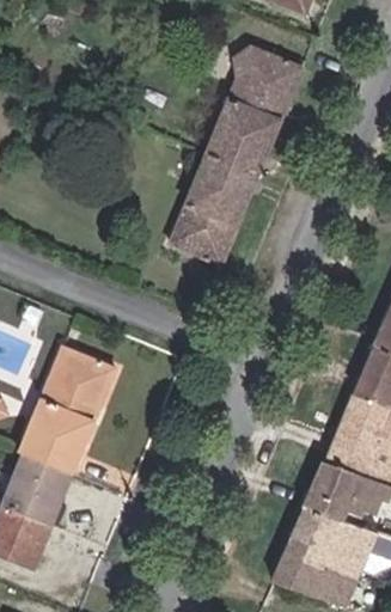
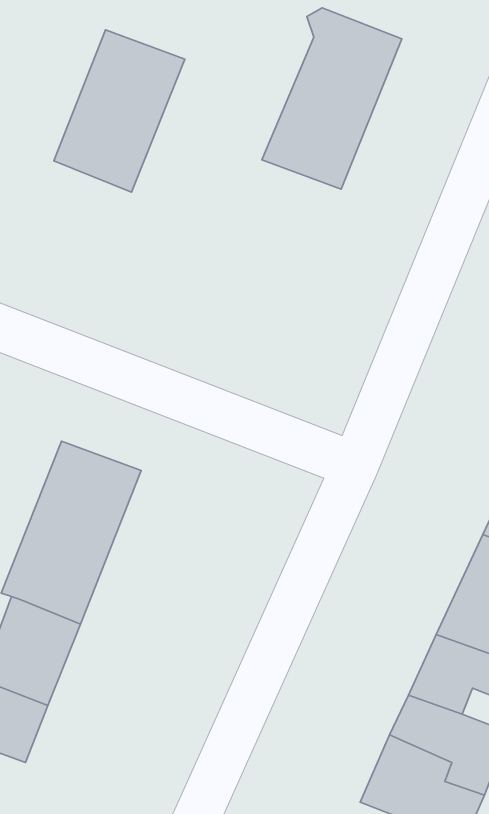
building: [166,142,257,255] -> [54,30,185,192]

